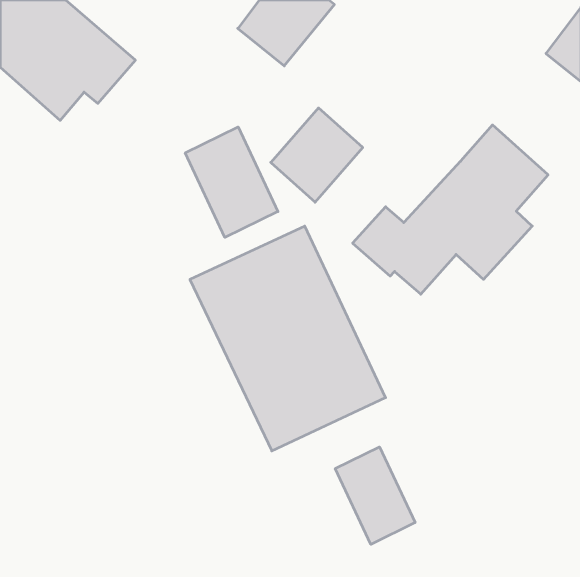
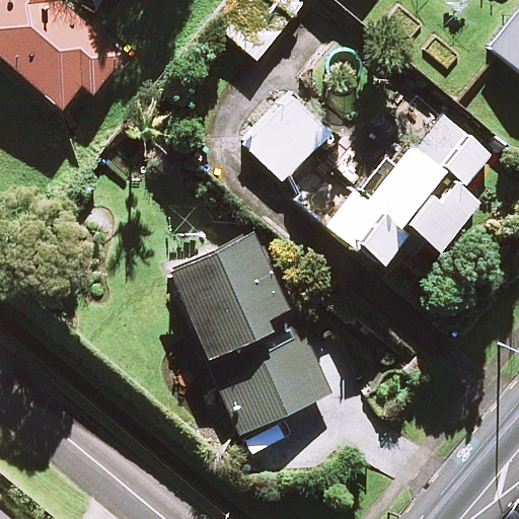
building: [185,127,278,237] -> none
building: [335,447,415,544] -> none

